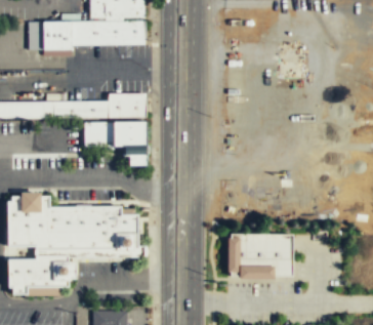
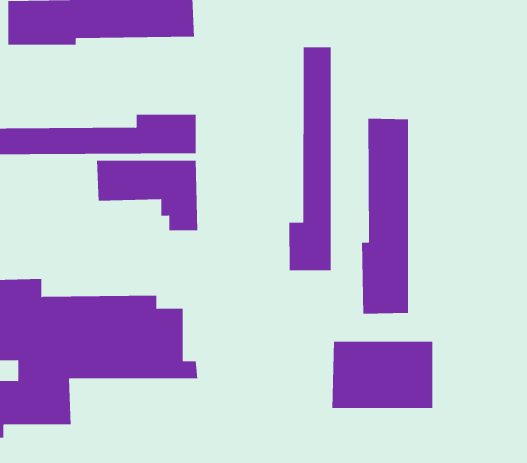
building: none -> [289,46,331,271]
building: none -> [362,118,409,314]

